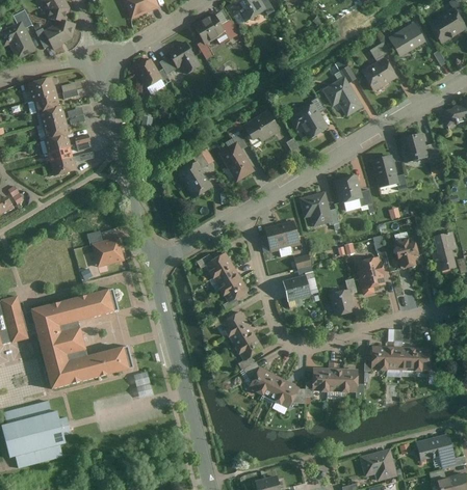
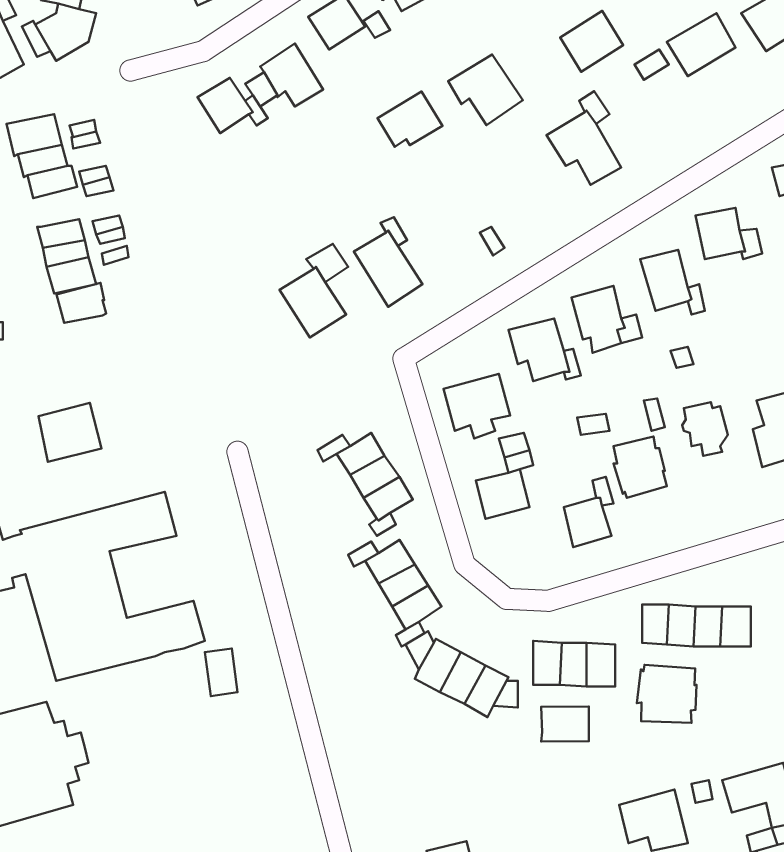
building: [360,60,394,93] -> [560,11,623,72]
building: [286,104,327,142] -> [448,54,523,125]
building: [241,115,277,145] -> [378,92,442,147]
building: [41,119,68,141] -> [57,283,106,323]
building: [94,234,128,266] -> [38,403,101,462]
building: none -> [637,665,697,723]
building: none -> [541,707,589,742]

